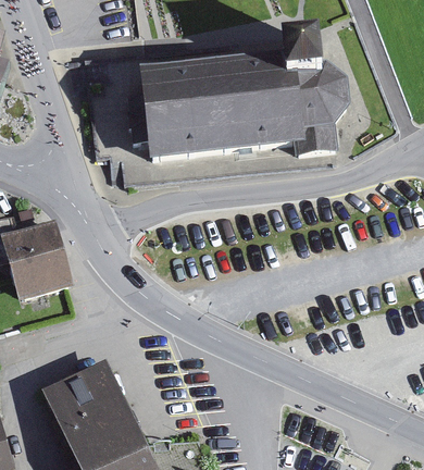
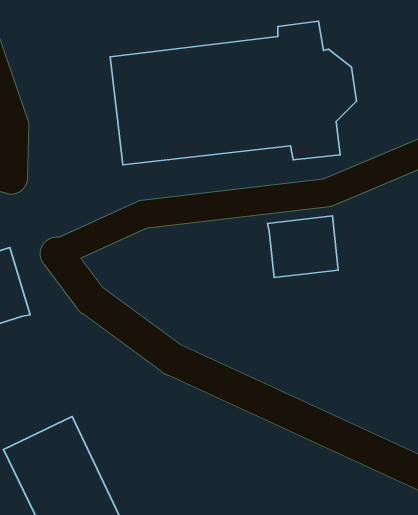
building: none -> [267,216,338,277]

